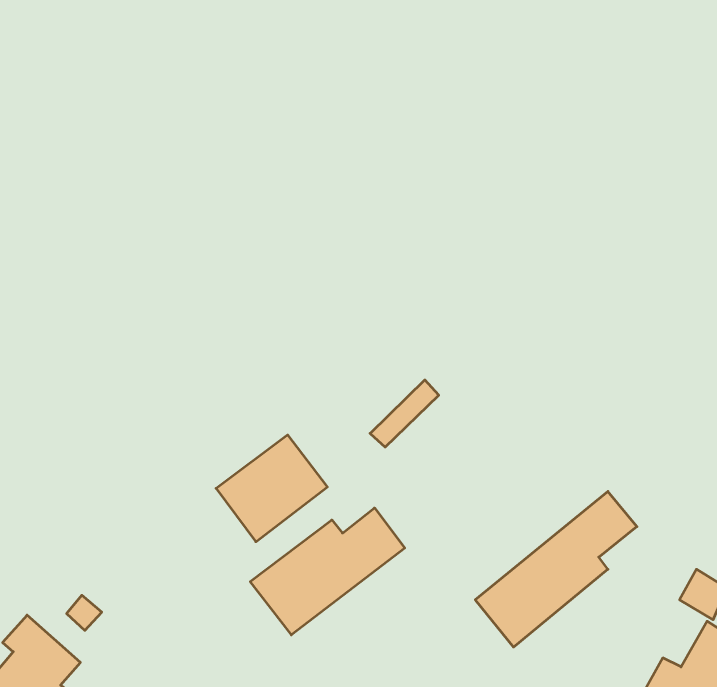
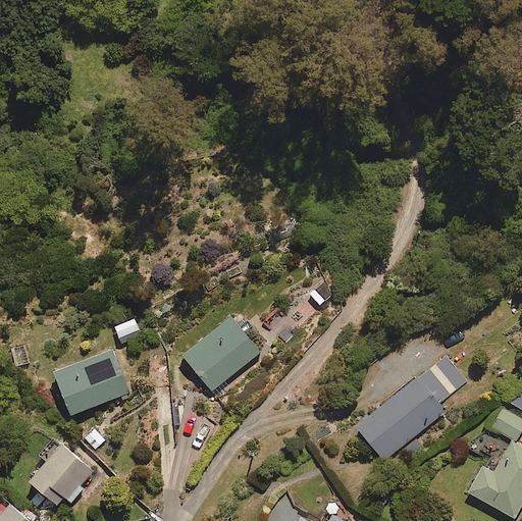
building: none -> [52,352,128,417]
building: [250,508,405,635] -> none

